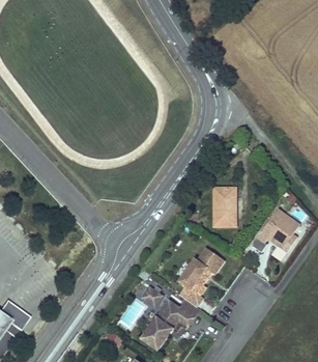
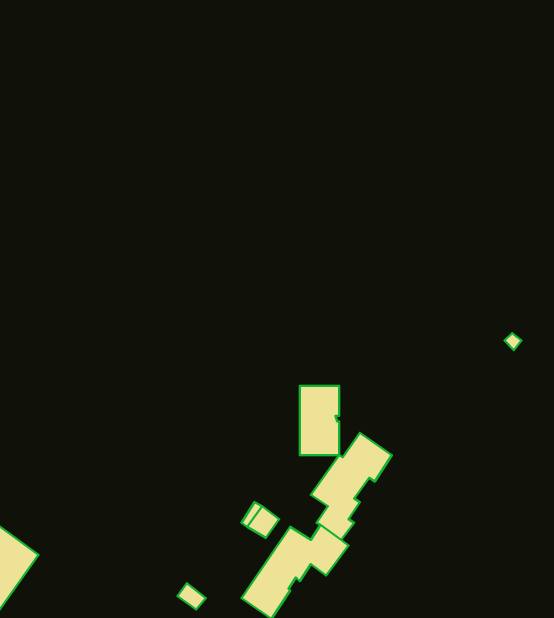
building: [211,187,233,225] -> [300,386,339,455]
building: [257,208,298,249] -> none

